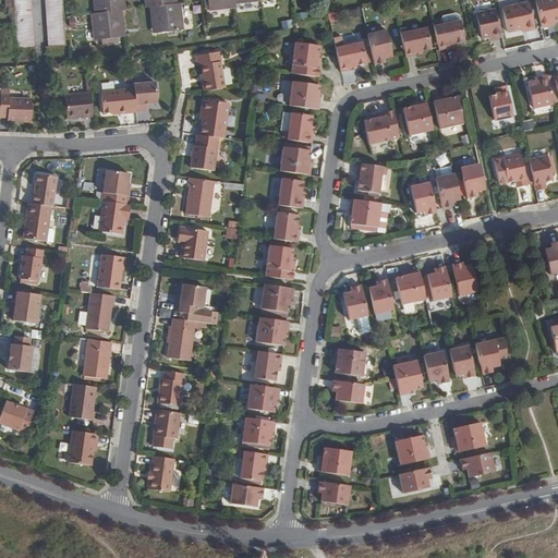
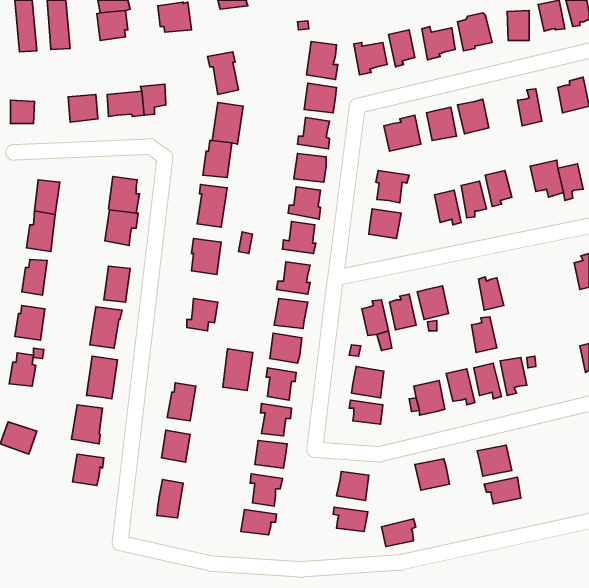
building: [427,266,451,300] -> [472,317,497,352]
building: [167,317,195,356] -> [223,349,253,391]
building: [396,466,428,493] -> [381,519,416,547]

